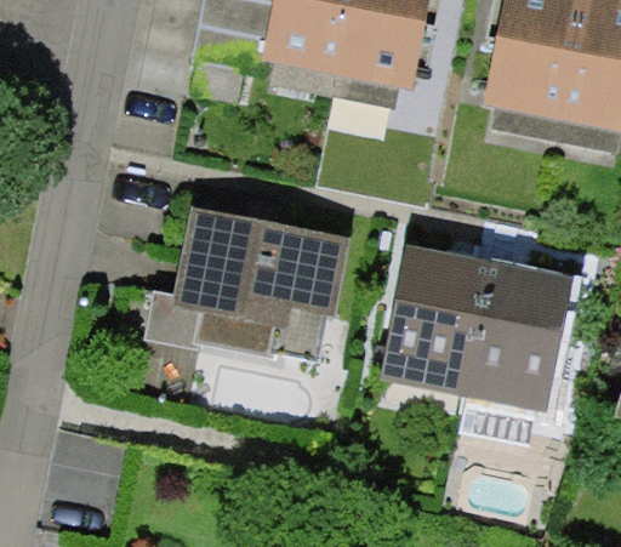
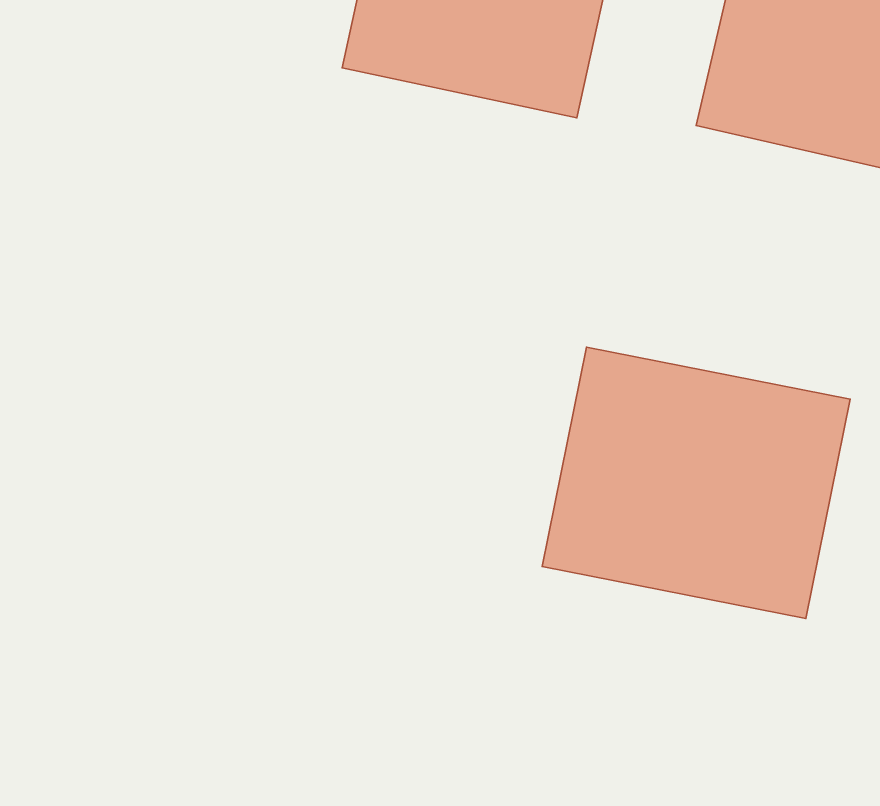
building: [167,215,344,337] -> none

